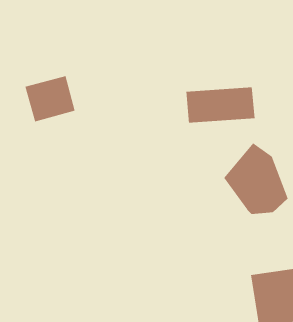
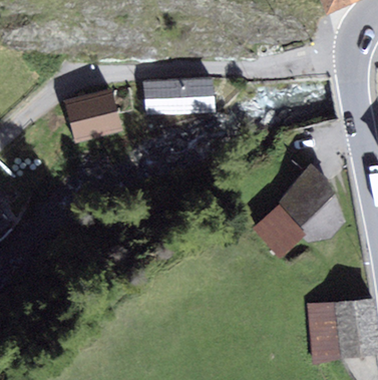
building: [185,87,255,123] -> [141,78,217,117]
building: none -> [252,203,302,259]

